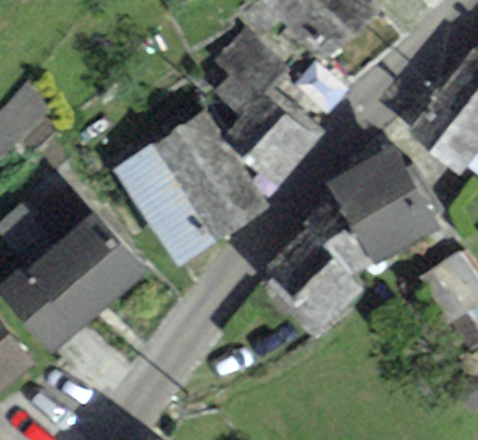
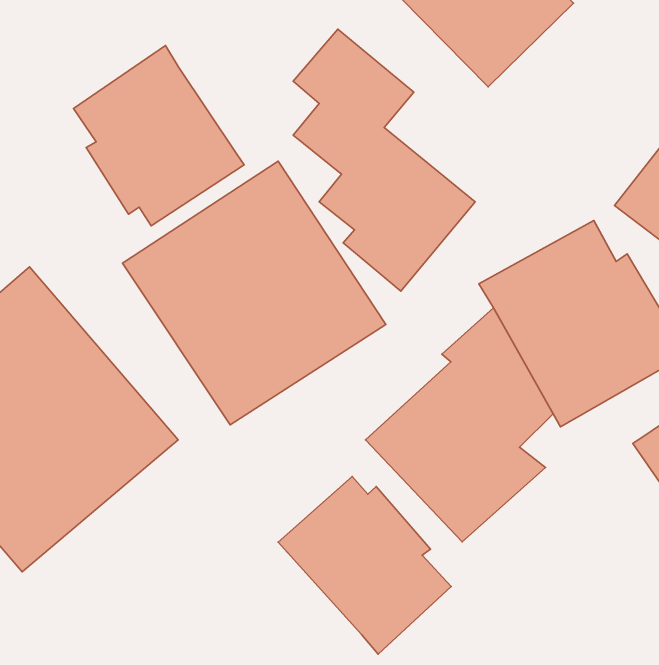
building: none -> [73,45,244,226]
building: none -> [278,476,451,654]

